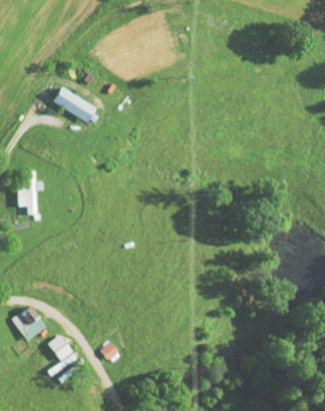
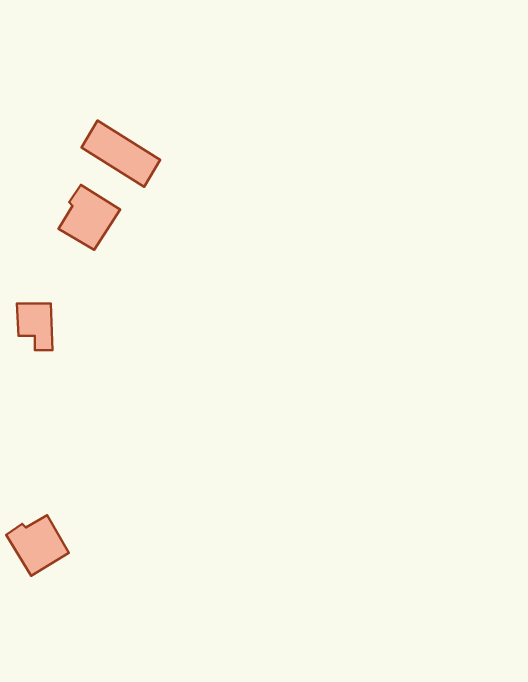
building: none -> [58,185,120,250]
building: [47,333,77,376] -> none

